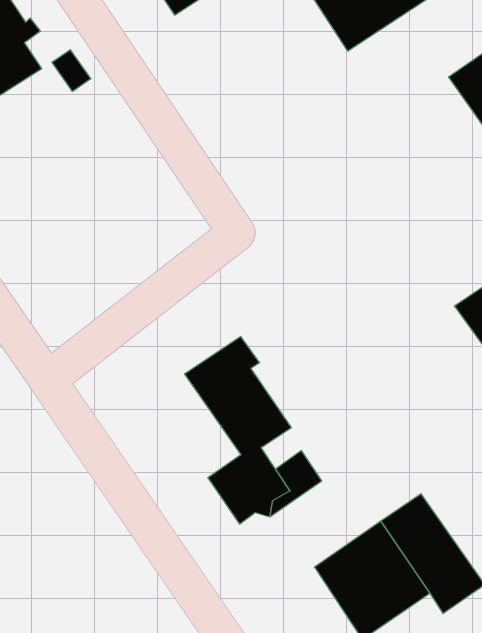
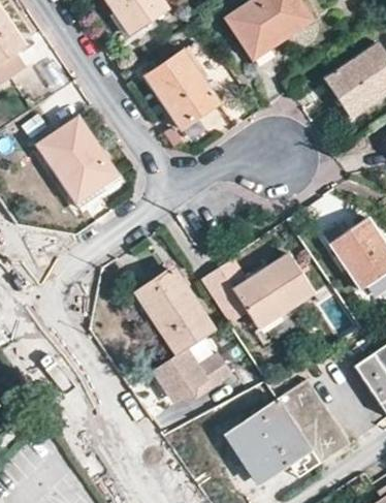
building: none -> [143,50,219,130]
building: none -> [33,114,118,203]
building: none -> [230,253,314,329]

